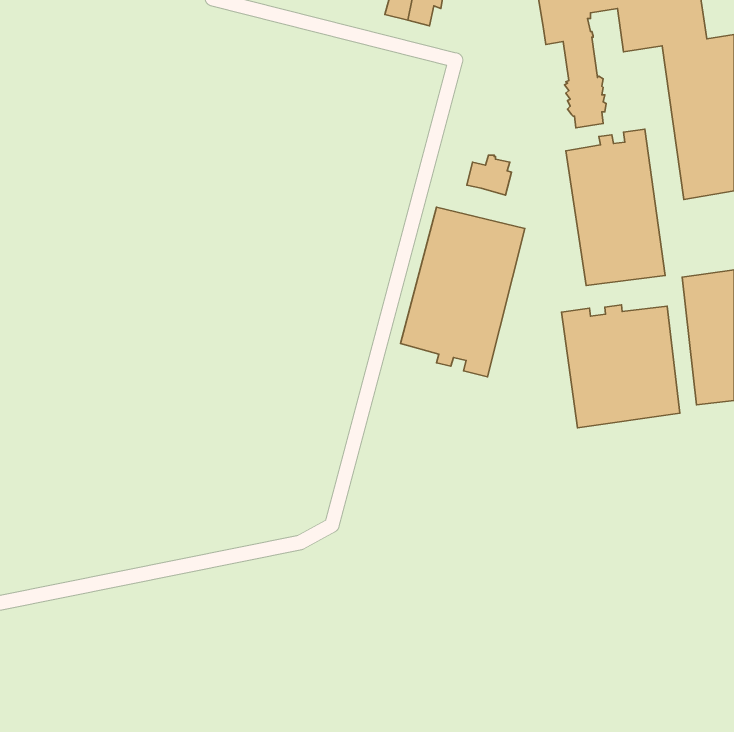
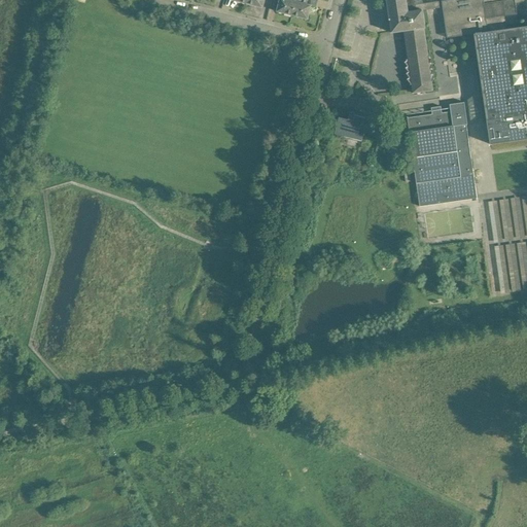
building: [401,207,525,377] -> none
building: [562,305,680,428] -> none

